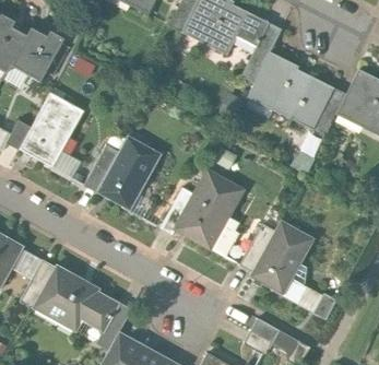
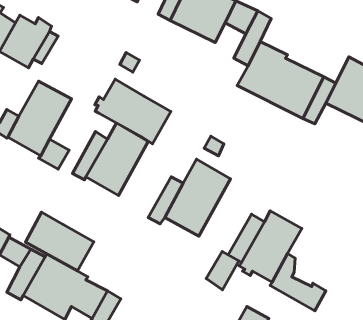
building: none -> [95,79,171,144]
building: none -> [26,212,94,271]
building: none -> [206,251,239,290]

